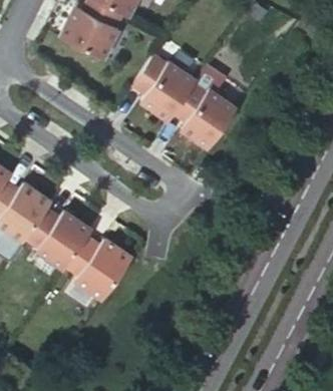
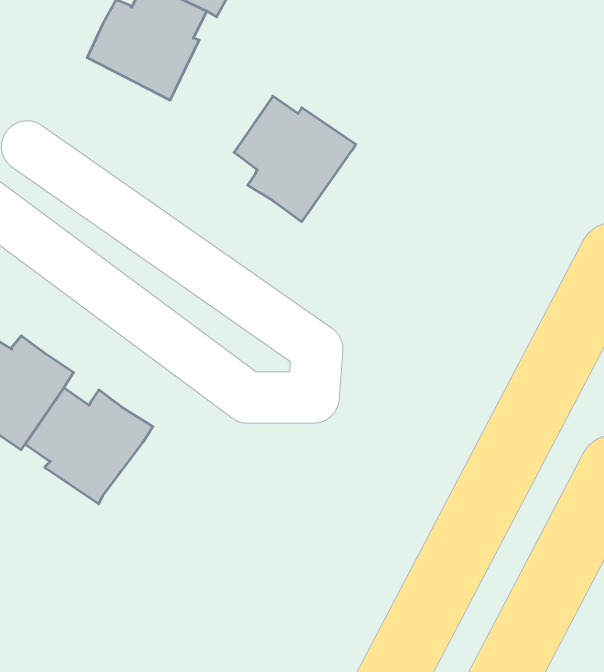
building: [176,85,239,150] -> none
building: [67,237,133,300] -> none

